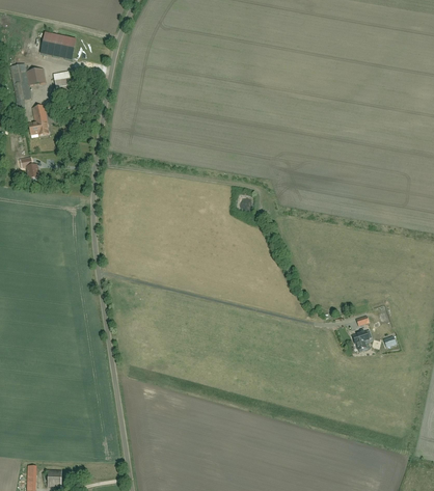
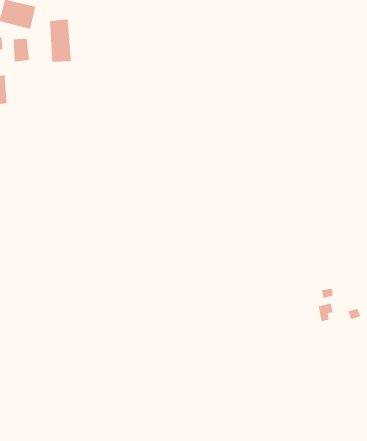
building: none -> [50,18,71,62]

